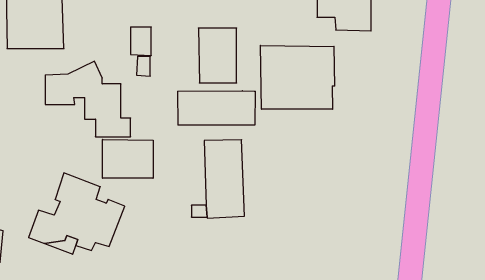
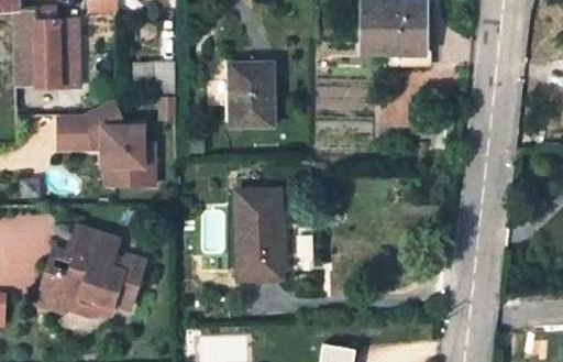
building: [260,45,335,109] -> none
building: [178,91,255,125] -> none
building: [103,139,153,178] -> none

